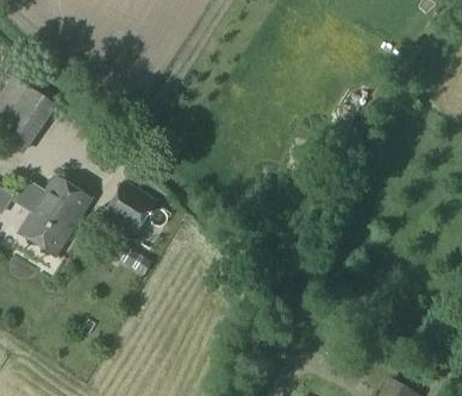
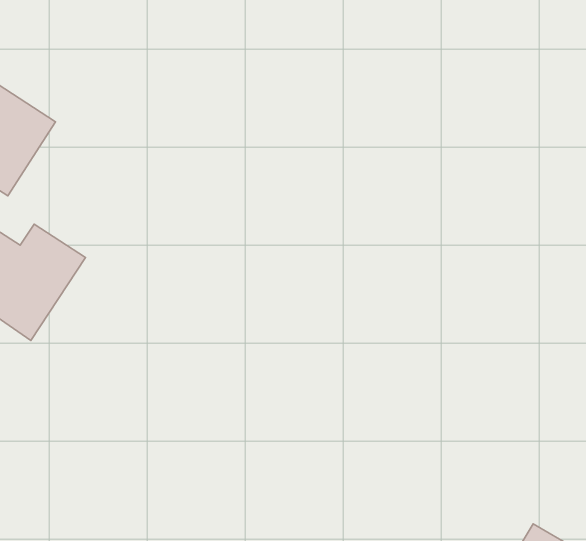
building: [100,183,154,238] -> none

